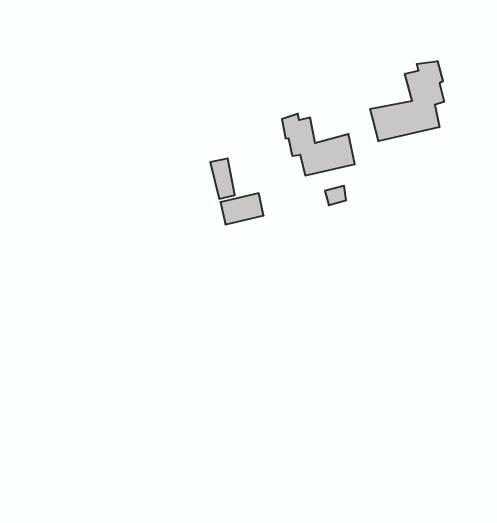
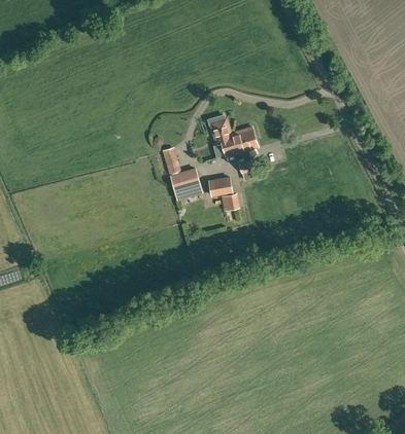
building: [370,61,444,141] -> none
building: none -> [208,179,239,211]

